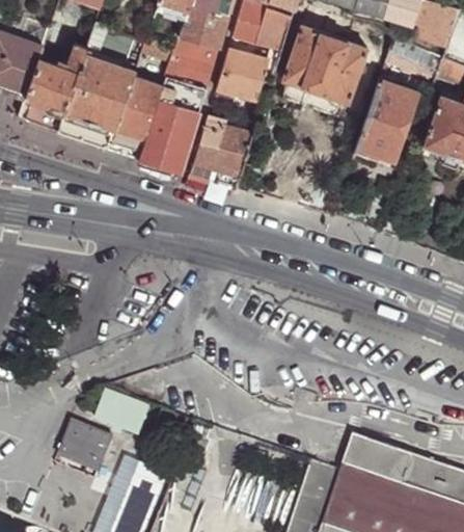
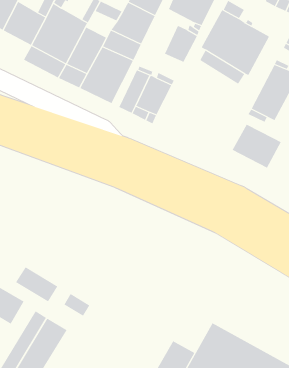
building: [215,49,248,95] -> none
building: none -> [232,124,282,169]

